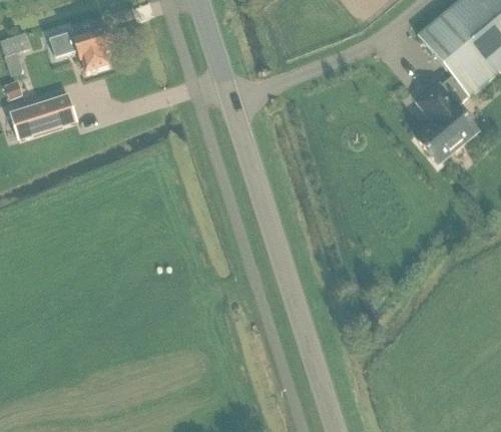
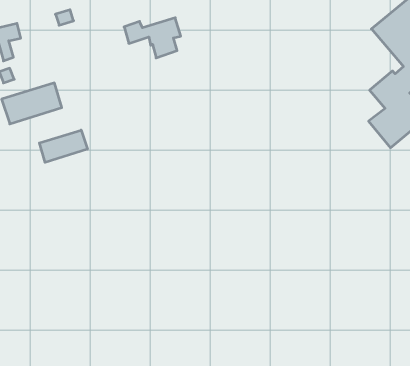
building: [50,27,112,71] -> [124,18,181,58]
building: none -> [39,130,87,162]

